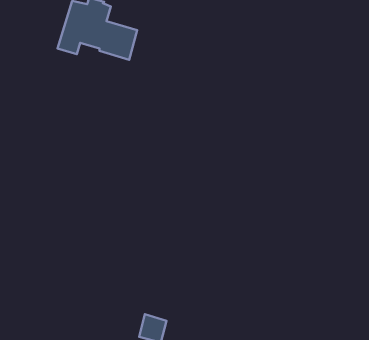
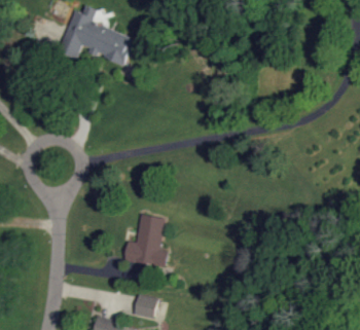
building: none -> [122,214,167,267]

